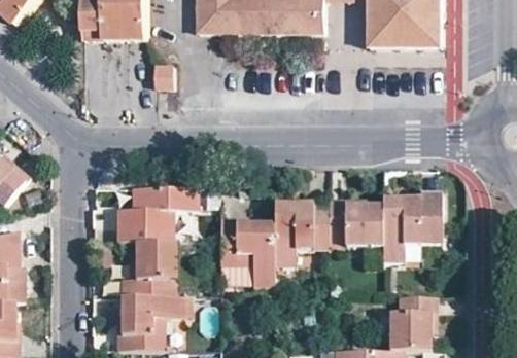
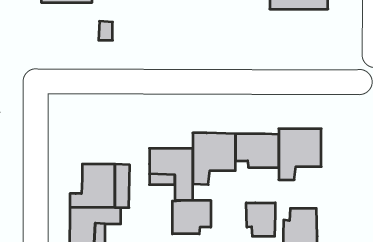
building: [114,187,199,242] -> none
building: none -> [172,200,211,234]
building: none -> [246,203,275,236]

